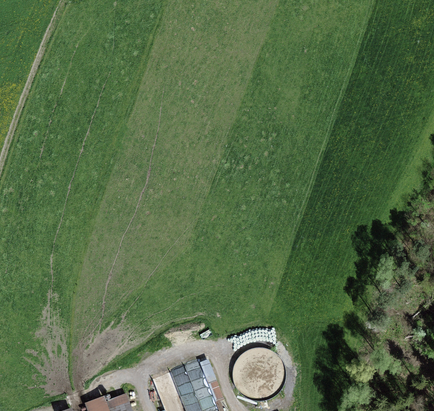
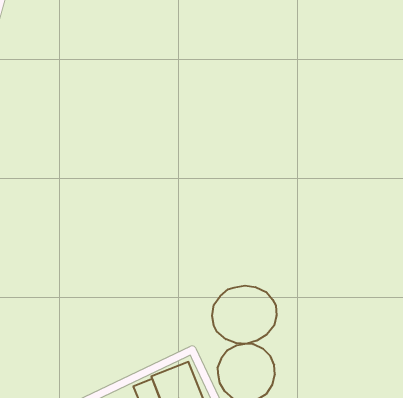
building: none -> [212,286,276,344]

